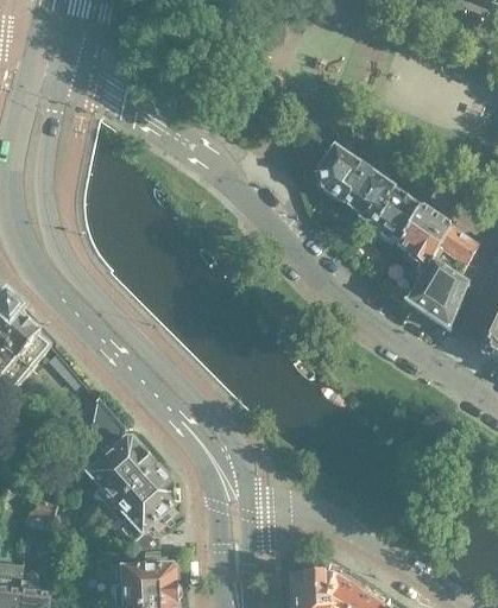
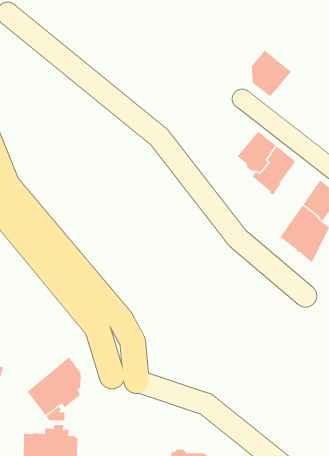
building: [317,144,368,202] -> [251,50,292,97]
building: [396,203,449,277] -> none
building: [82,398,156,505] -> none

